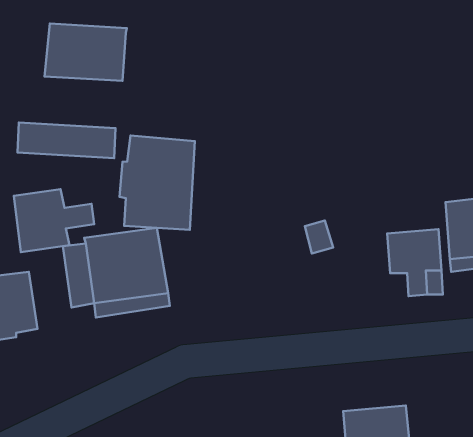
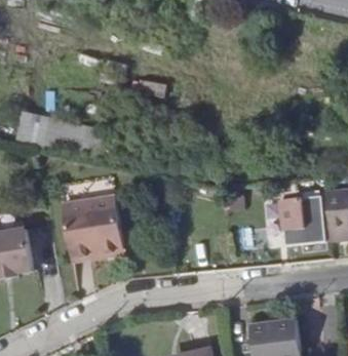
building: [44,24,127,81] -> none
building: [119,135,195,230] -> none
building: [14,189,94,252] -> none

